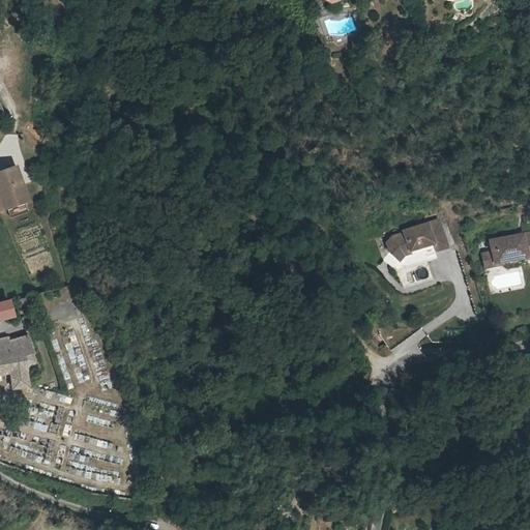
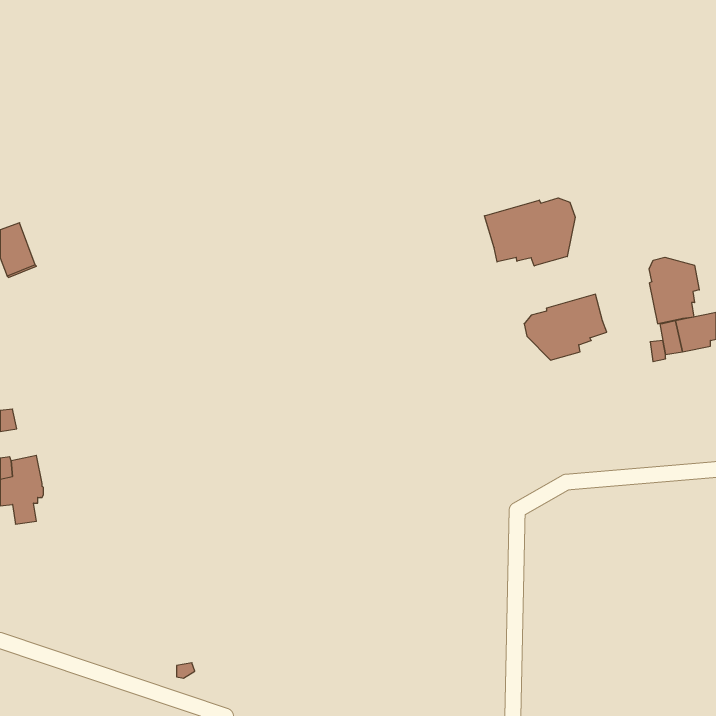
building: none -> [484,198,575,266]
building: none -> [649,257,699,324]

